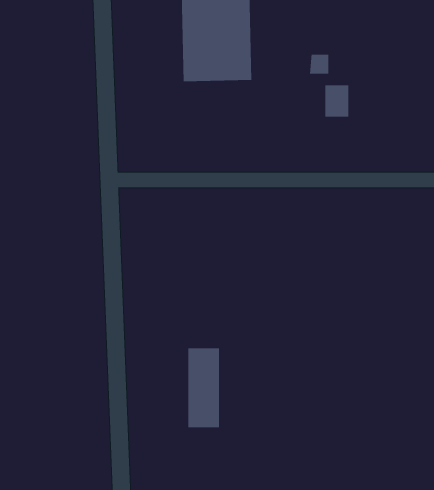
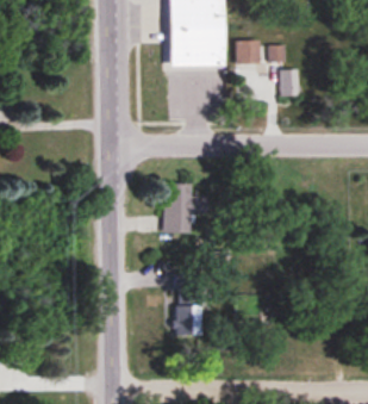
building: none -> [237,42,260,64]
building: none -> [164,185,205,234]

